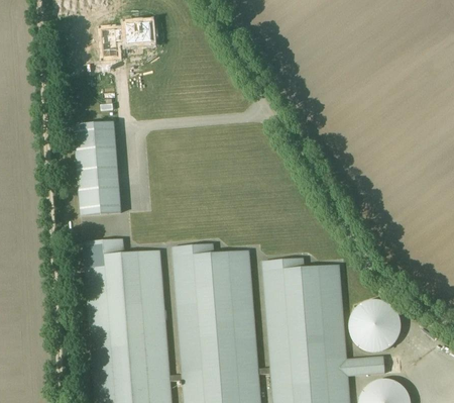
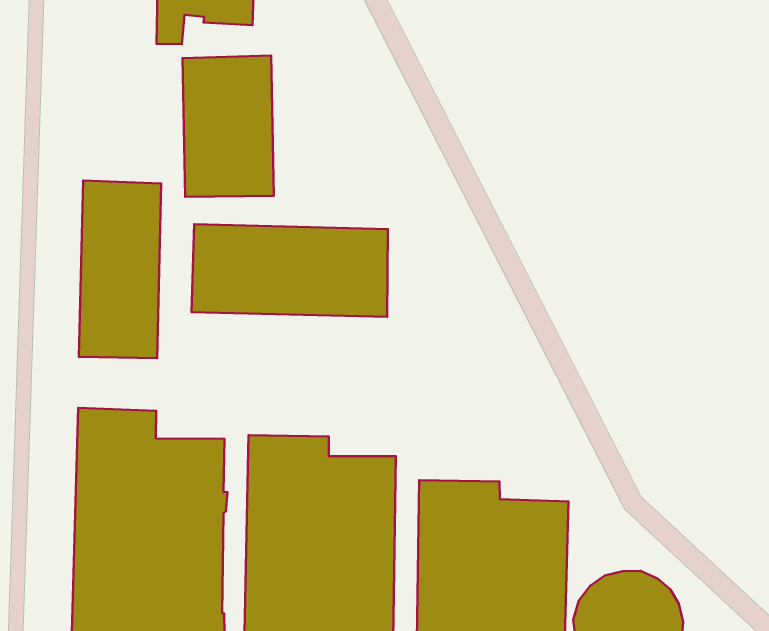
building: none -> [182,55,274,197]
building: none -> [191,224,388,317]

